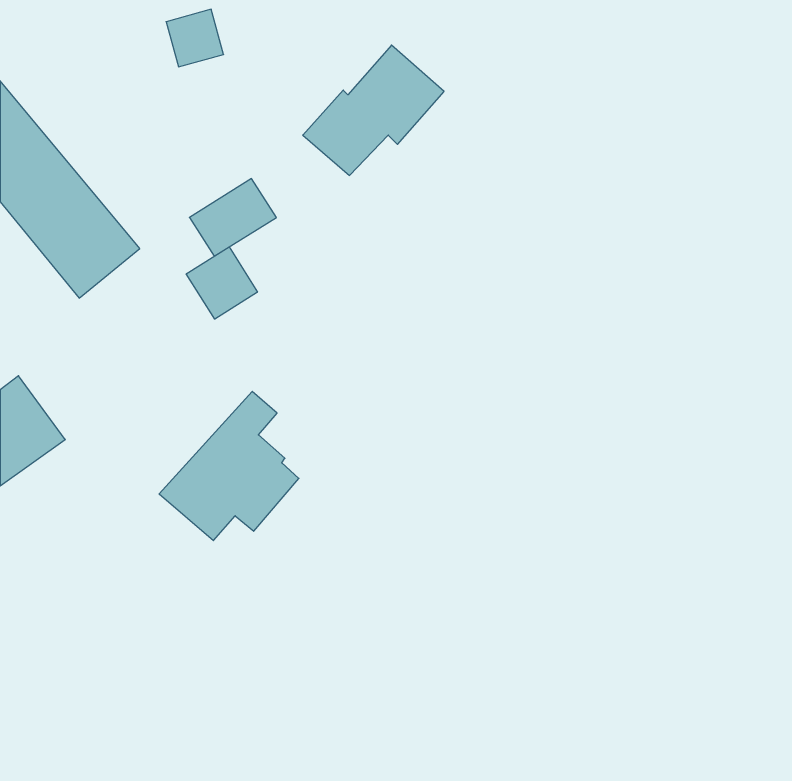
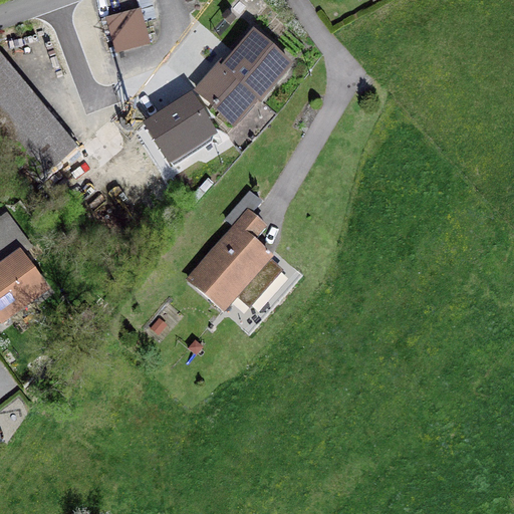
building: none -> [163,95,208,141]
building: [186,247,257,319] -> none
building: [159,391,299,541] -> [188,209,278,305]

